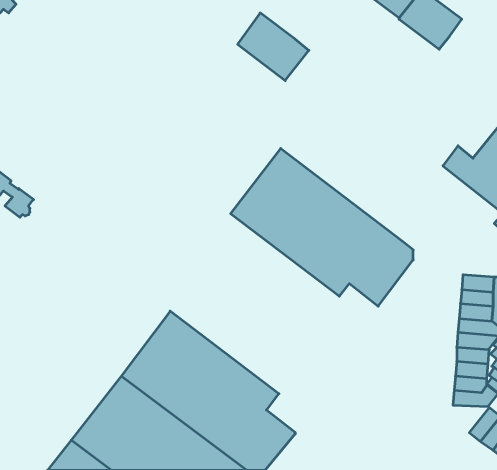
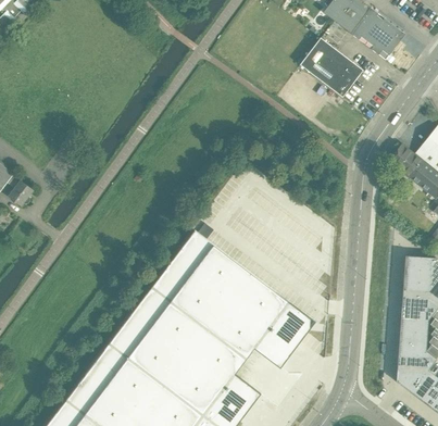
building: [238,13,309,81] -> [300,38,362,97]
building: [231,148,413,306] -> [151,230,310,367]
building: none -> [396,368,428,392]

